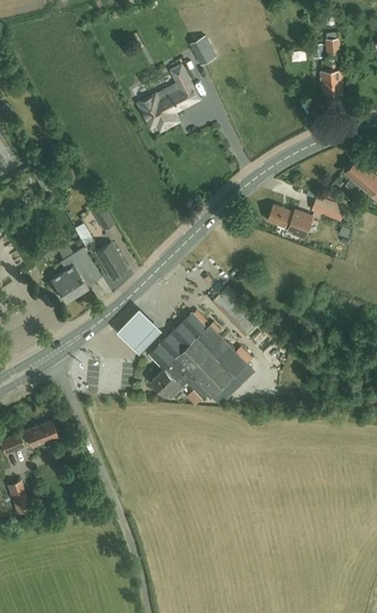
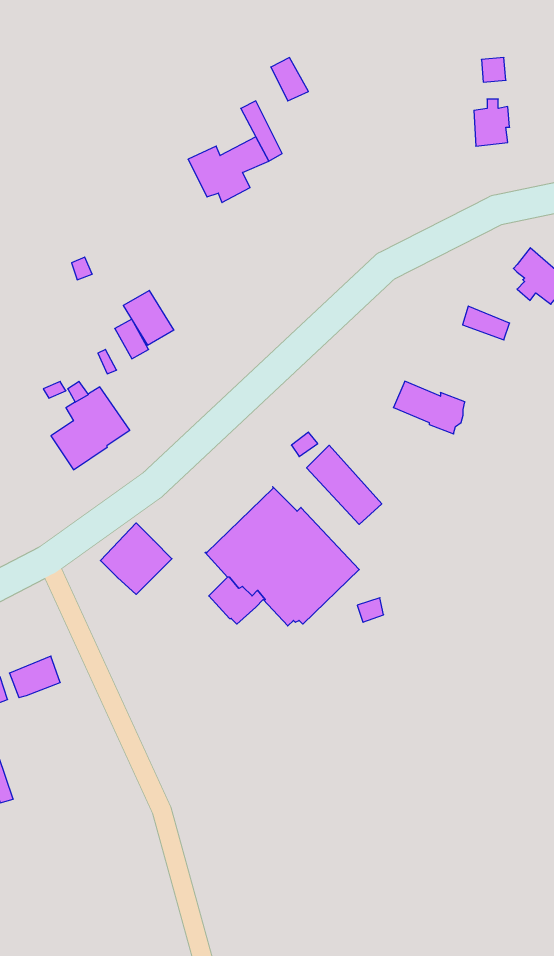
building: [266,204,311,237] -> [393,381,465,434]
building: [93,243,126,278] -> [123,290,174,345]
building: [116,308,162,353] -> [100,523,172,594]

